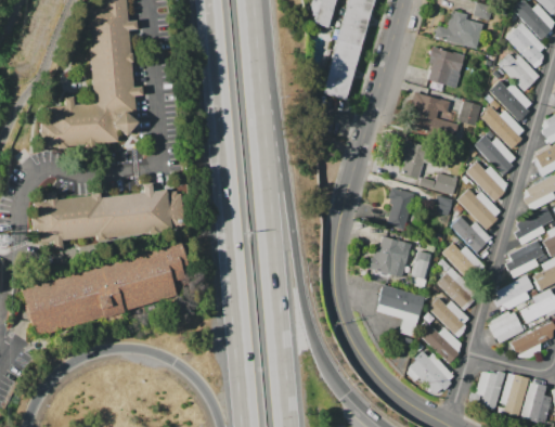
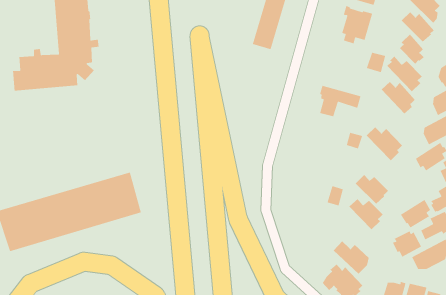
building: [410,91,460,134] -> none
building: [466,161,507,202] -> none
building: [420,172,459,195] -> none
building: [34,183,185,249] -> none
building: [387,187,415,230] -> none
building: [451,216,491,256] -> none
building: [369,236,401,274] -> none
building: [505,245,543,280] -> none
building: [376,285,425,336] -> none
building: [428,298,469,337] -> none

